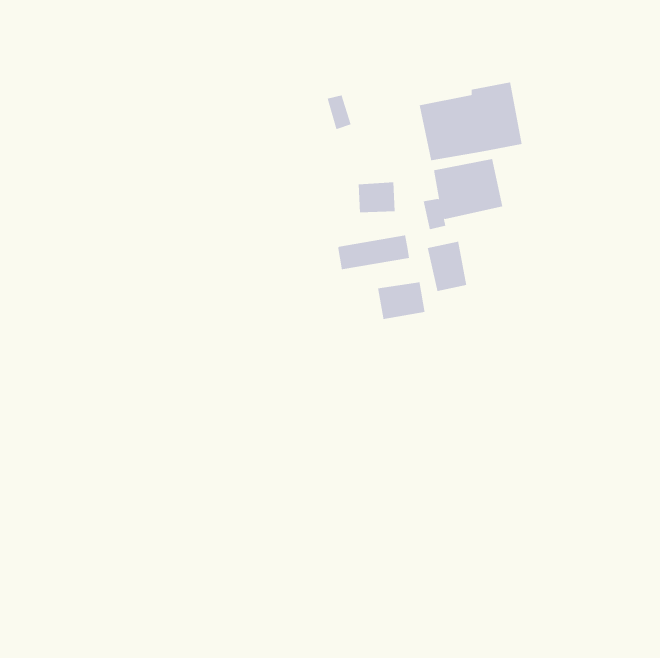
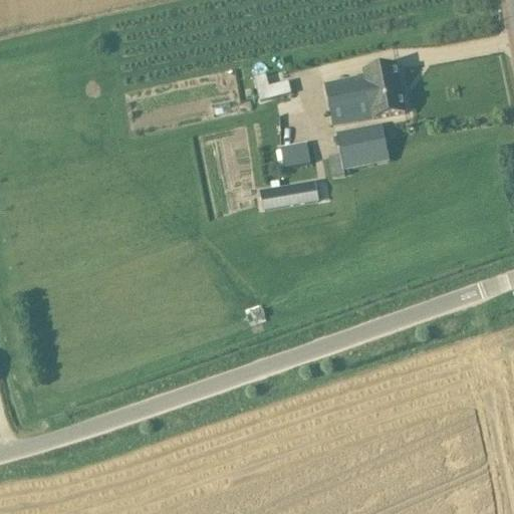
building: [427,241,467,292] -> none
building: [378,282,425,320] -> none

